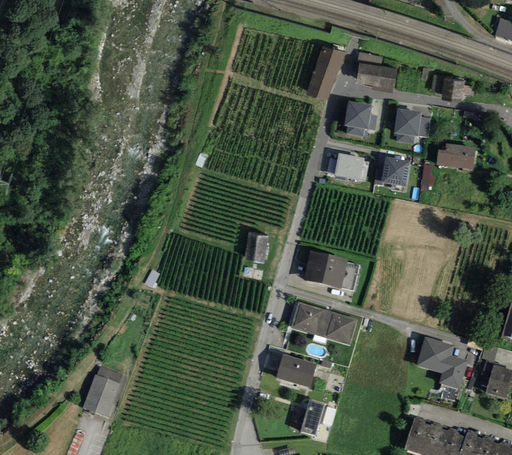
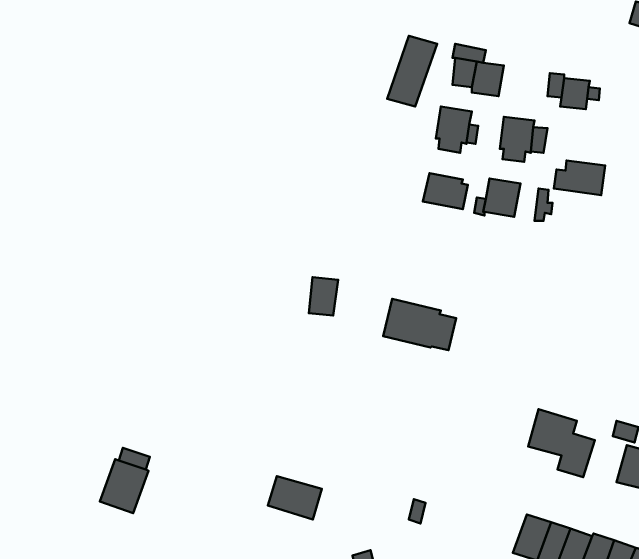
building: [290,301,357,345] -> none
building: [275,353,317,387] -> [268,476,322,520]
building: [300,399,325,436] -> none

